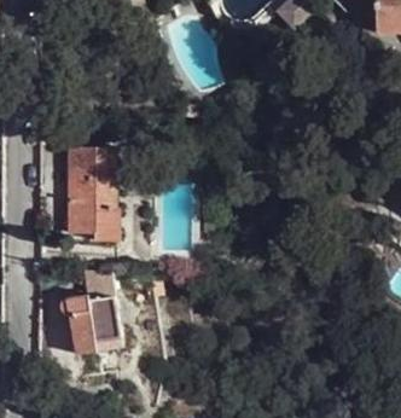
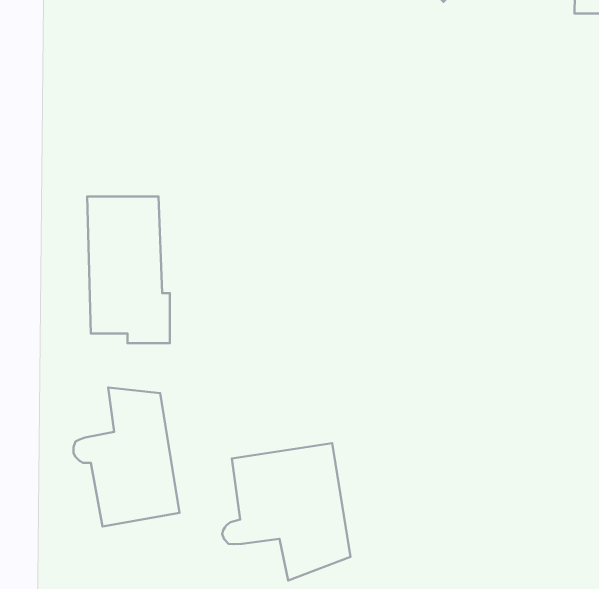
building: none -> [222,443,351,581]

